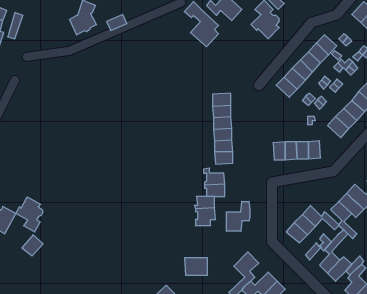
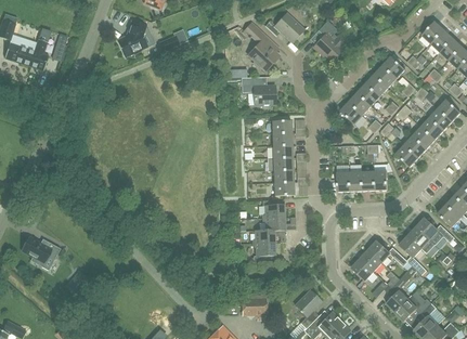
building: none -> [242,75,276,104]
building: [16,197,43,232] -> none
building: [227,201,250,231] -> none

